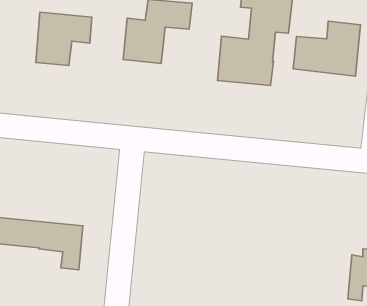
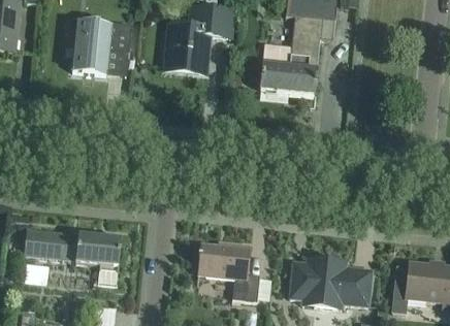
building: [293,21,361,76] -> none
building: none -> [199,242,260,301]
building: none -> [291,258,373,307]

